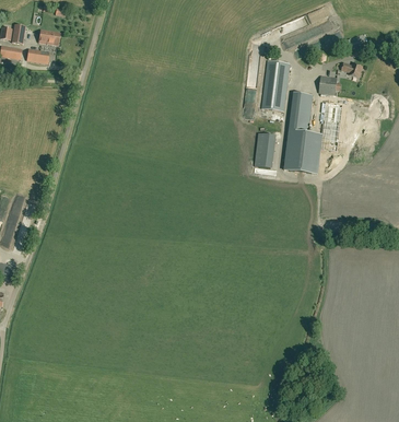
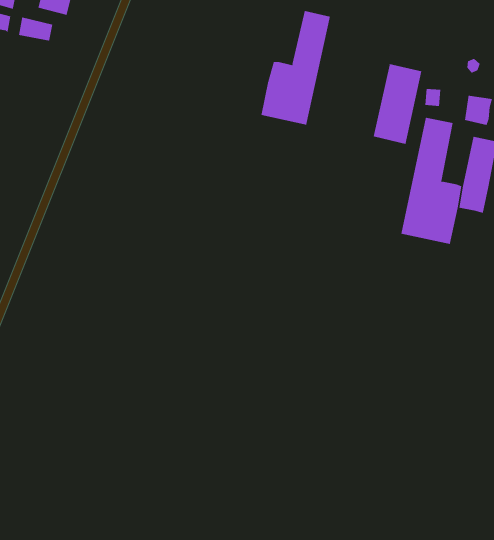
building: none -> [261,10,330,125]
building: [256,133,281,169] -> none

